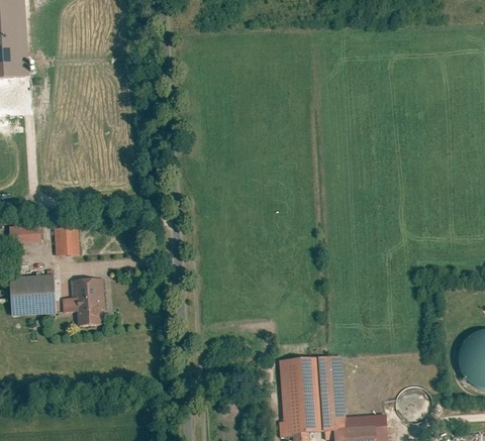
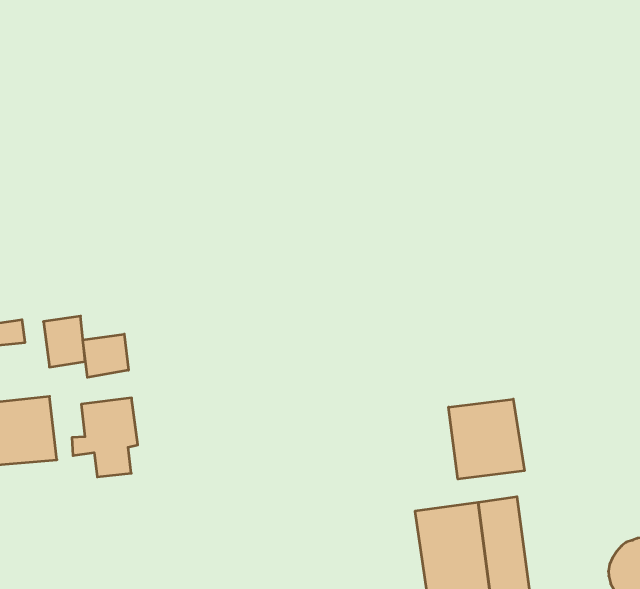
building: none -> [83,334,128,377]
building: none -> [449,399,524,479]

